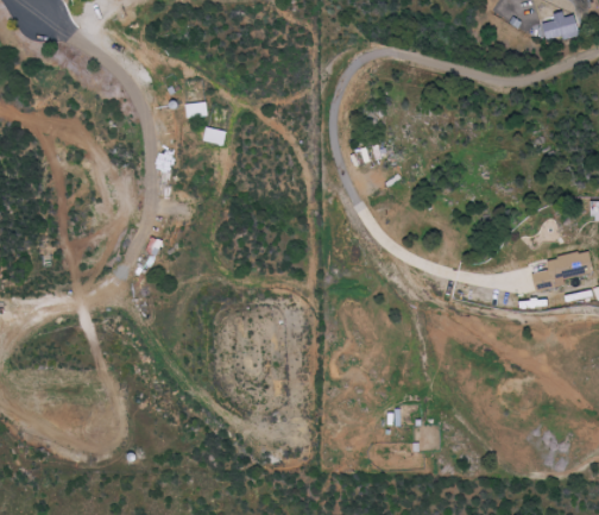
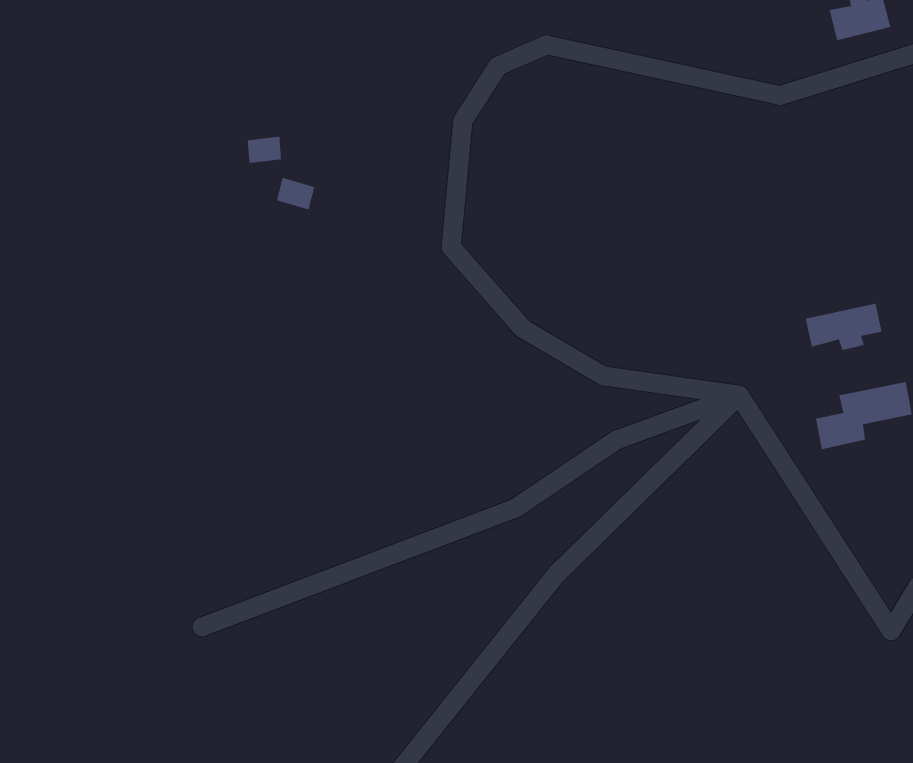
building: none -> [805,303,882,351]

